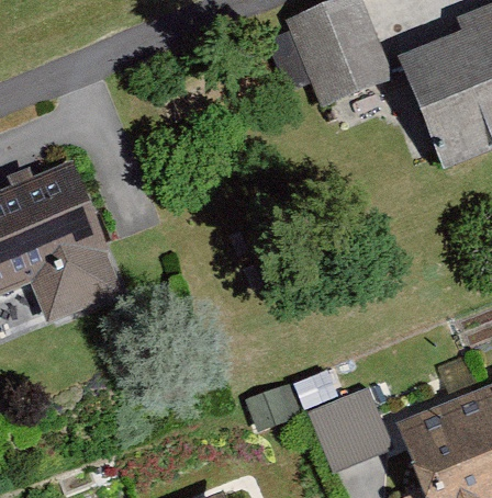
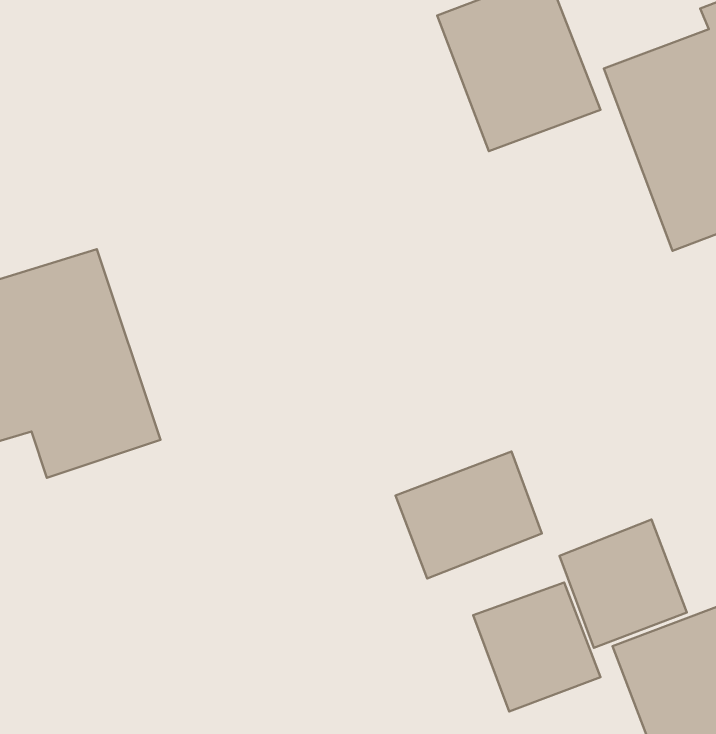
building: none -> [396,452,542,578]
building: none -> [560,519,687,648]

